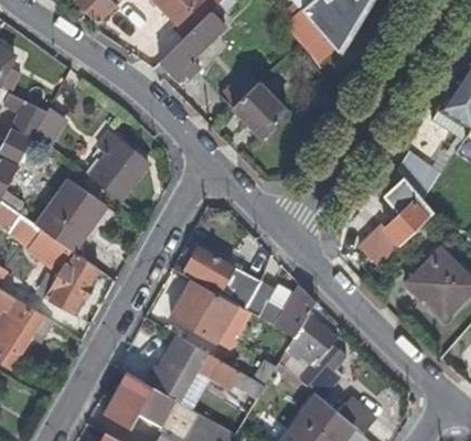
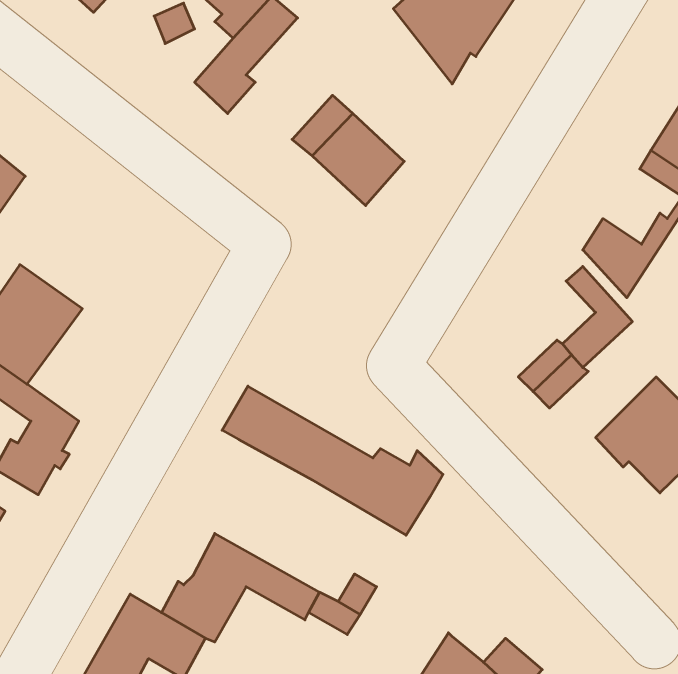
building: [87,132,146,200] -> none
building: [172,280,236,341] -> none
building: [278,314,344,398] -> none

